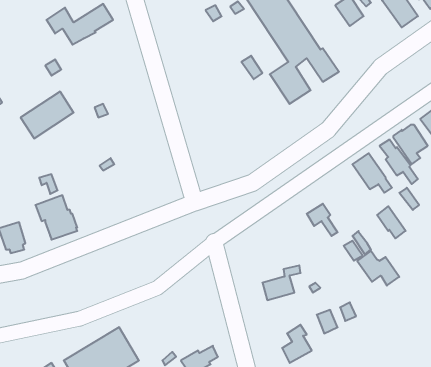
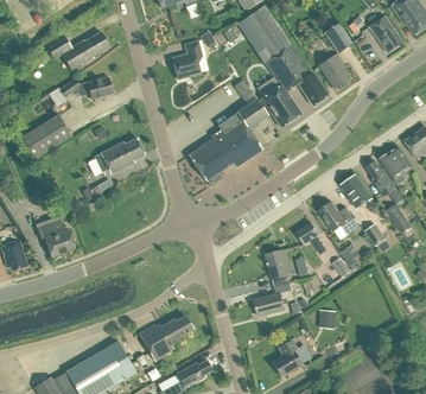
building: none -> [172,39,202,78]
building: none -> [318,52,349,88]
building: none -> [61,76,113,98]
building: none -> [187,97,268,185]
building: none -> [94,135,146,172]
building: none -> [265,248,290,285]
building: [357,251,399,286] -> [319,201,360,234]
building: none -> [138,314,193,362]

